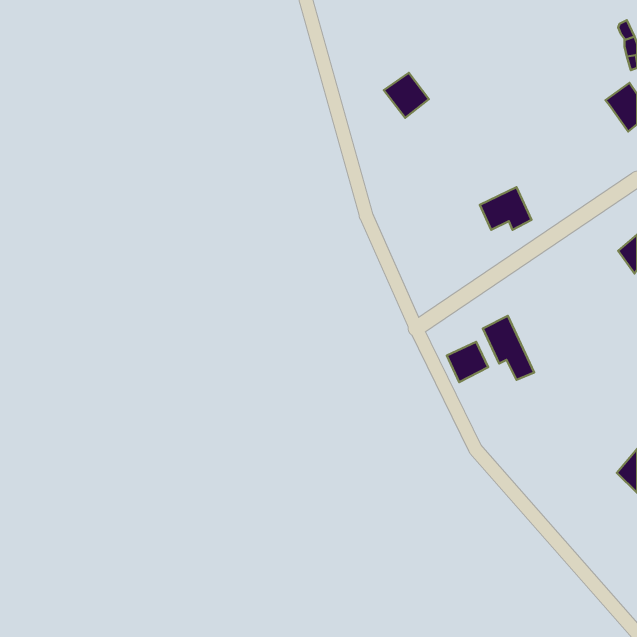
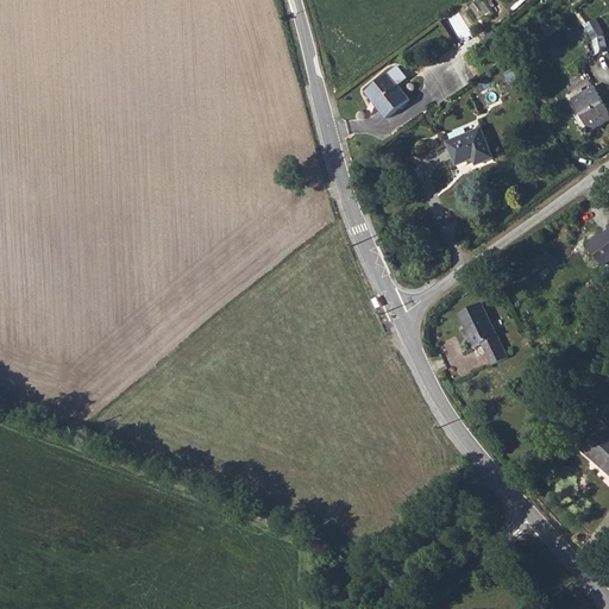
building: [480,187,531,230] -> [441,126,490,167]
building: [447,342,488,382] -> none

